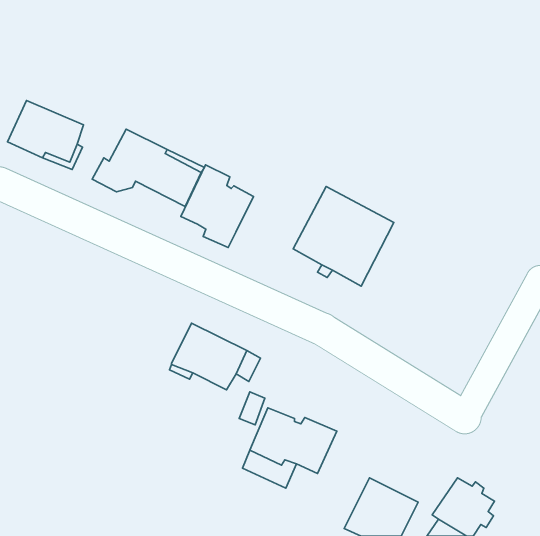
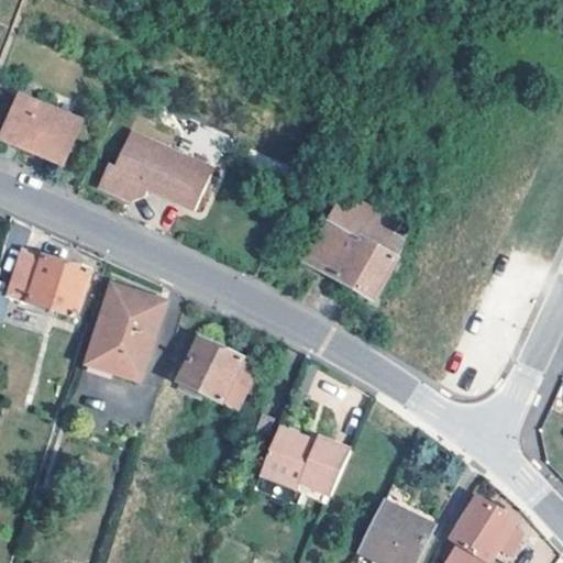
building: [181,165,253,247] -> none
building: none -> [9,249,89,312]
building: none -> [87,284,165,378]

